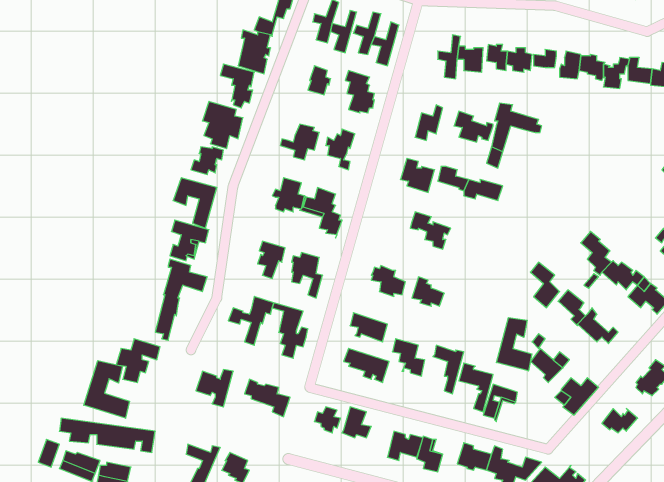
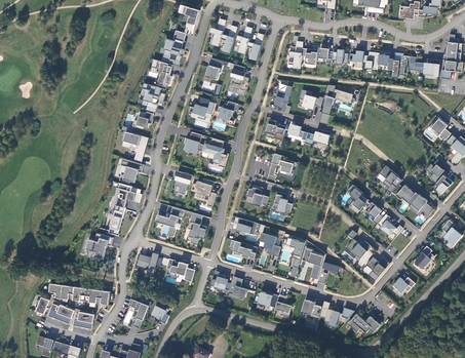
building: [496,318,532,371] -> none
building: [84,361,130,418] -> none

